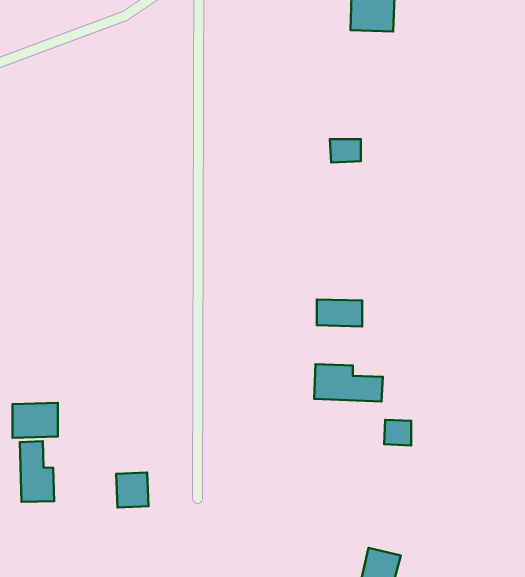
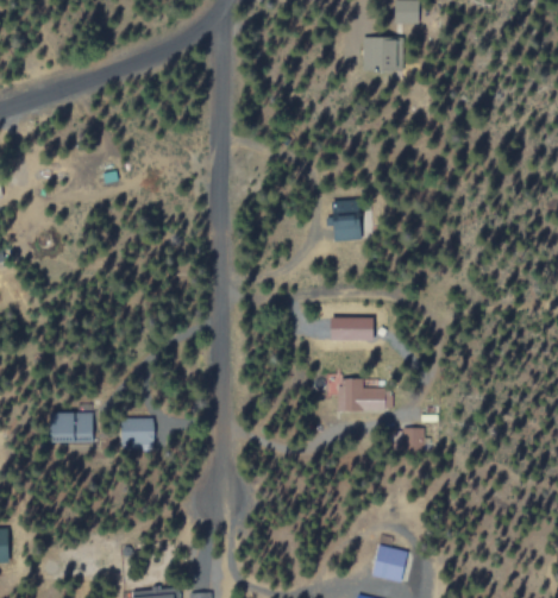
building: [330,139,361,162] -> [333,219,362,240]
building: [20,441,54,502] -> none
building: [116,472,148,507] -> [123,417,152,449]

